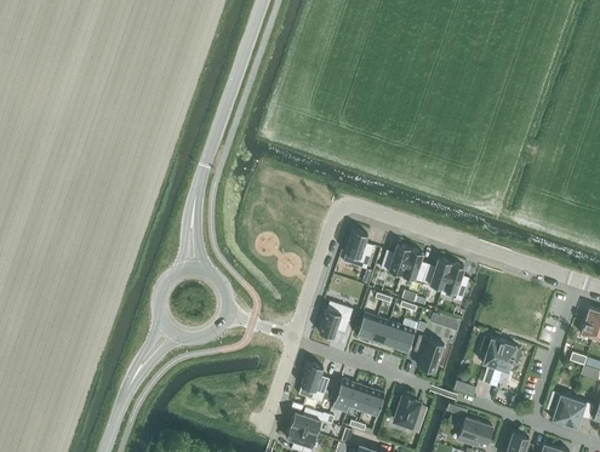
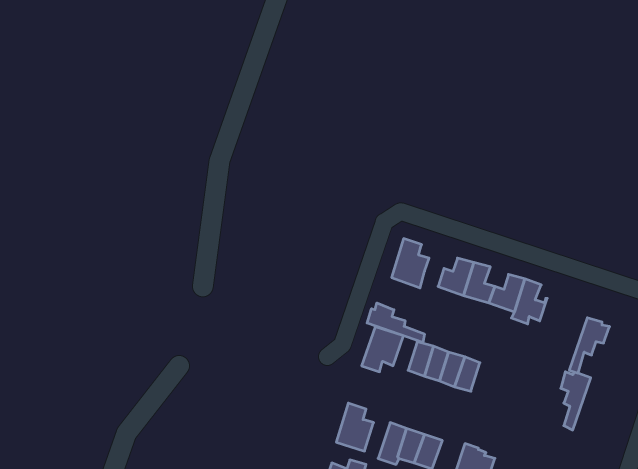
building: none -> [367,303,424,343]
building: [415,334,446,371] -> none
building: [490,342,522,387] -> [569,318,610,373]

